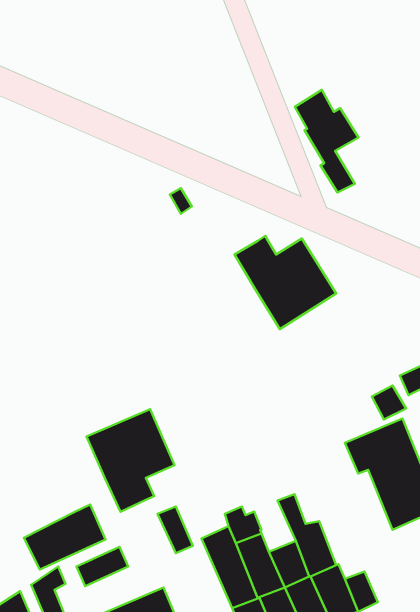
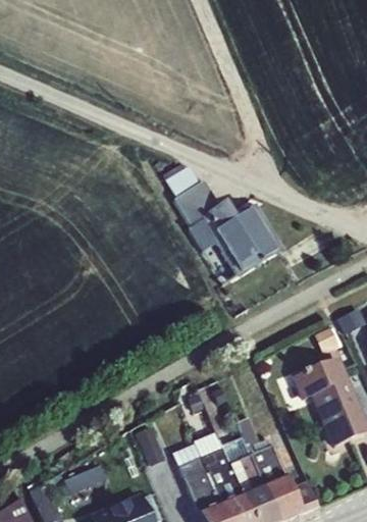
building: [295,90,358,193] -> [166,167,219,253]
building: [86,409,175,512] -> none
building: [24,505,106,570] -> none

